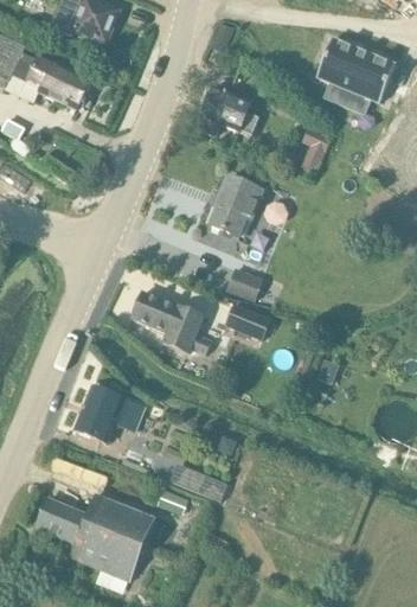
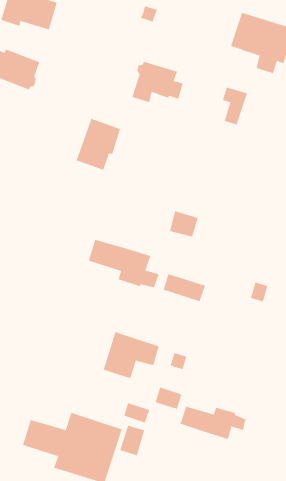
building: [206,174,262,237] -> [76,118,121,170]
building: [216,302,267,339] -> [163,273,206,302]
building: [73,385,142,442] -> [103,332,159,379]
building: none -> [180,406,246,440]
building: none -> [120,425,145,456]

